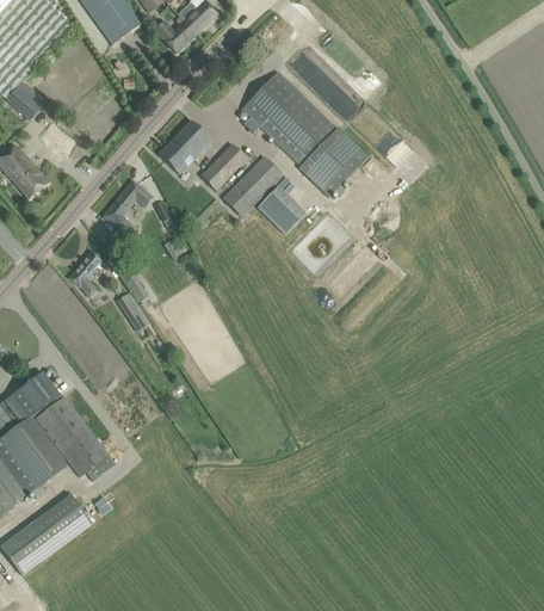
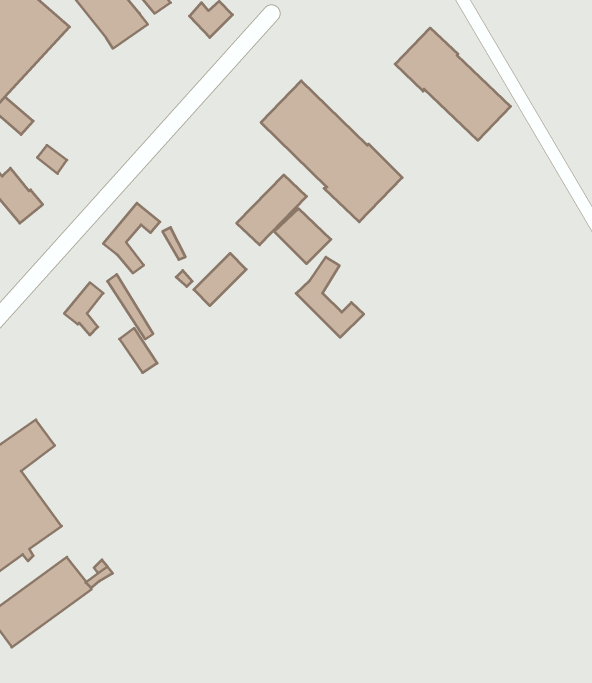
building: [156,14,197,53] -> none
building: none -> [395,28,511,140]
building: [157,121,212,174] -> none
building: [200,143,247,190] -> [194,253,246,306]
building: none -> [296,257,364,337]
building: [35,395,109,476] -> none

